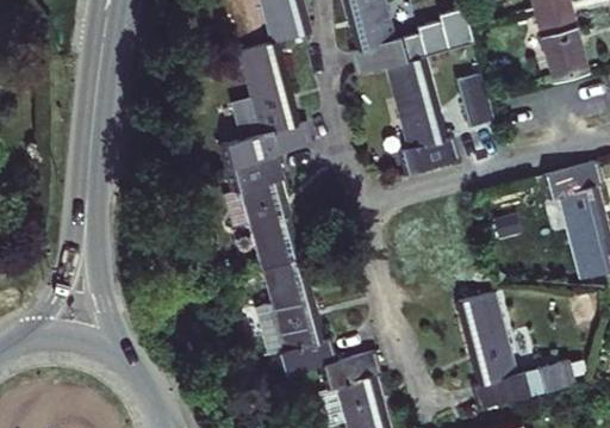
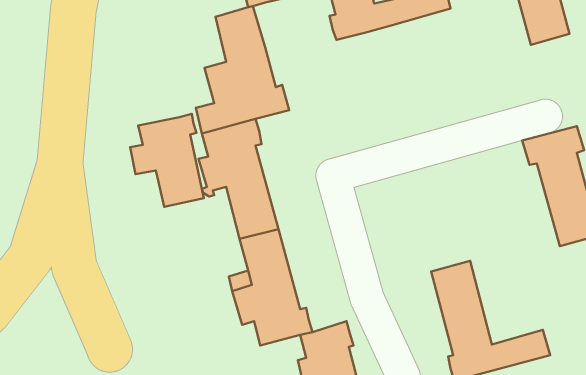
building: [387,57,460,174] -> none
building: [454,74,492,128] -> none
building: none -> [130,114,204,207]

